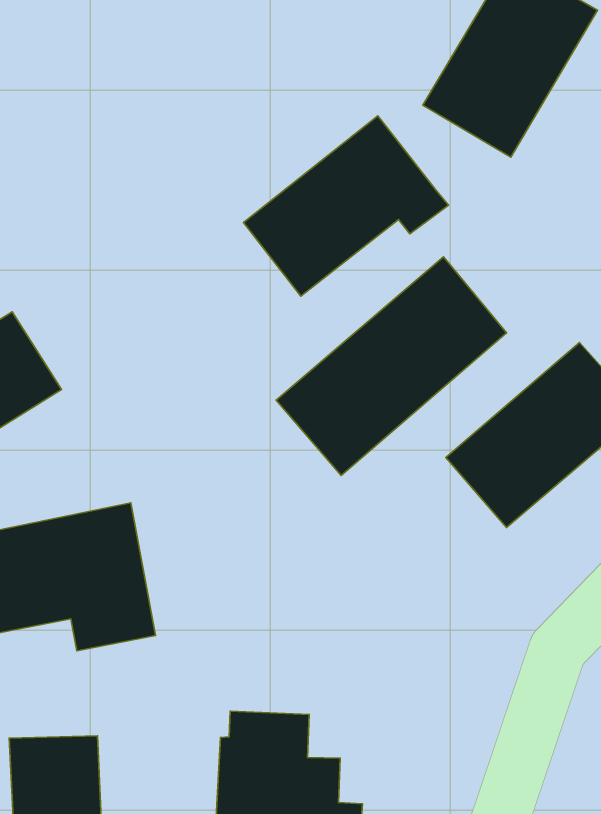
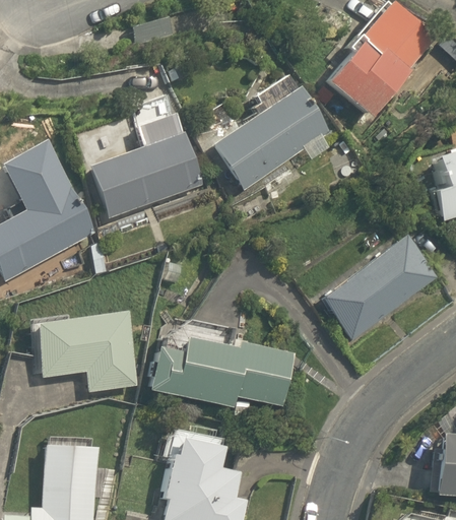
building: none -> [89,98,205,218]
building: [276,257,506,476] -> none
building: none -> [146,323,298,409]

